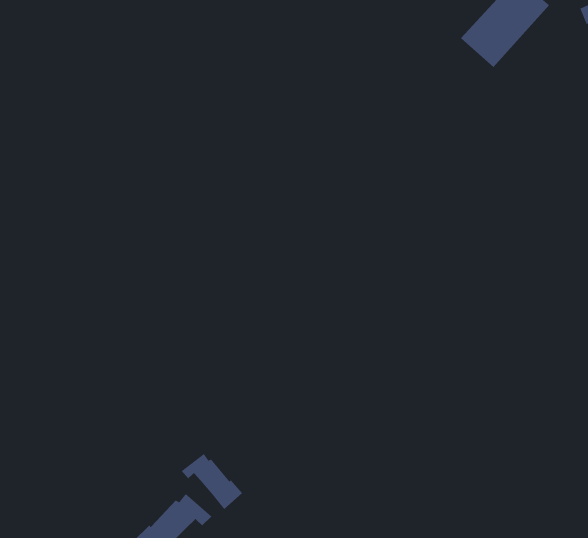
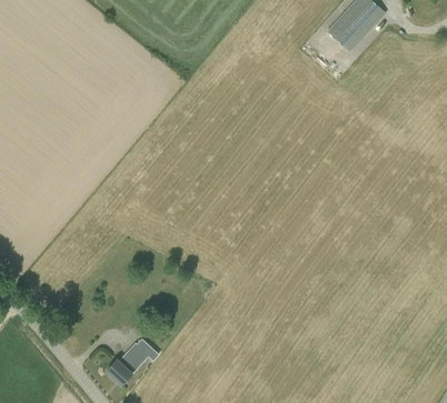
building: [181,453,243,510] -> none

